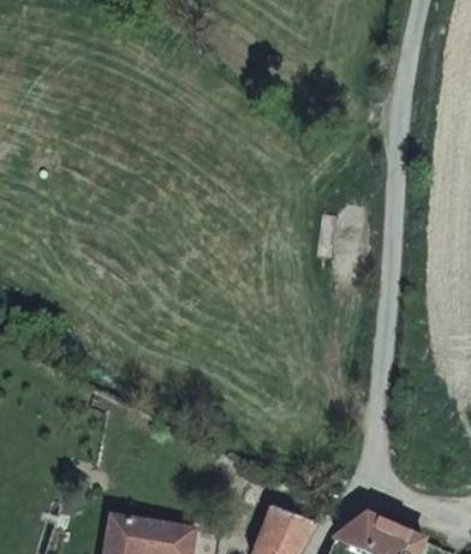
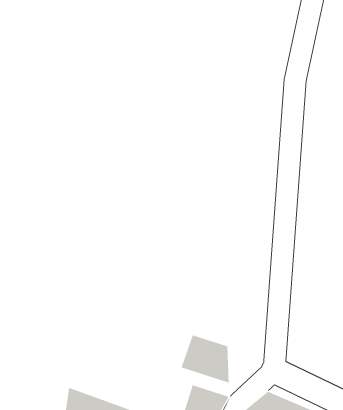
building: none -> [181,335,229,384]

